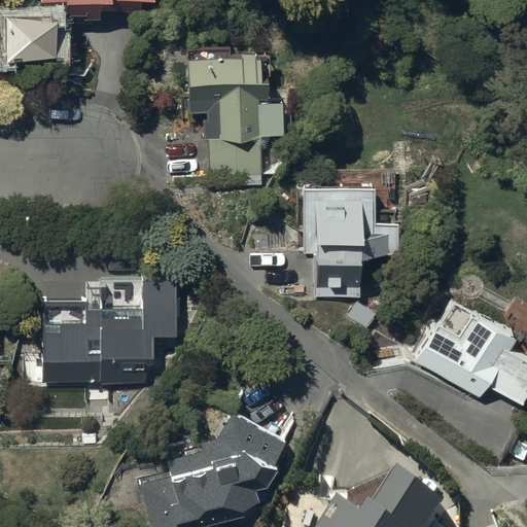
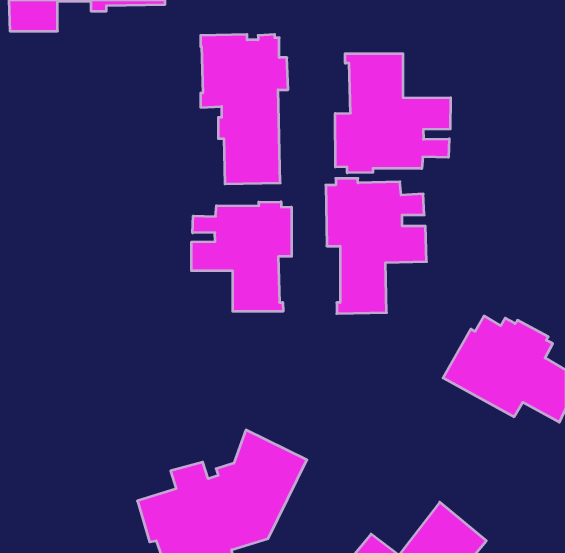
building: none -> [335,54,451,173]
building: none -> [191,202,292,311]
building: [43,279,180,387] -> none

